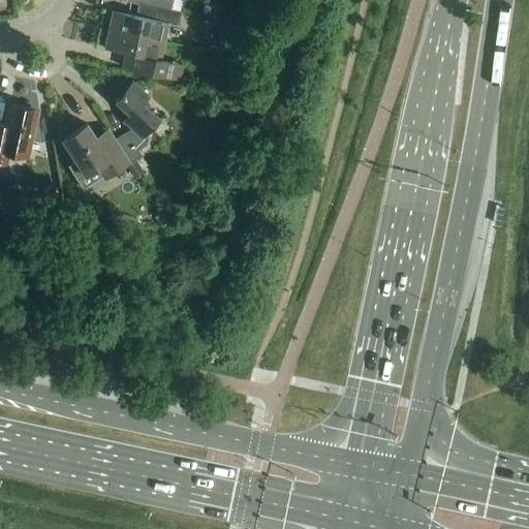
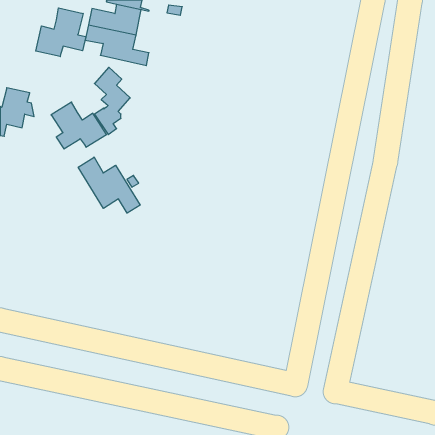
building: none -> [36,8,86,57]
building: none -> [78,157,140,213]

